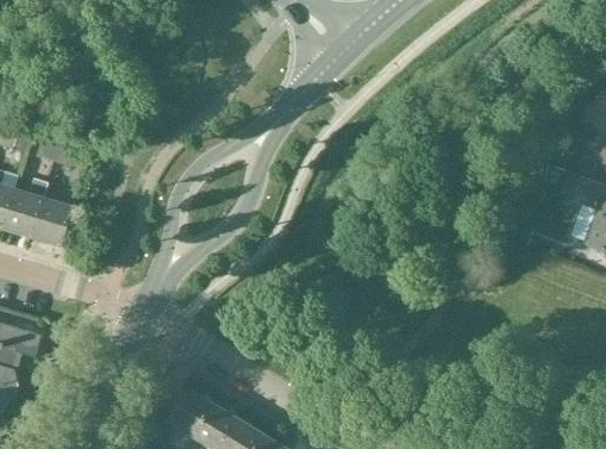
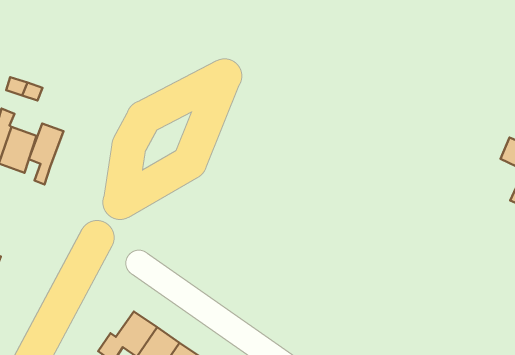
building: none -> [29,123,63,184]

